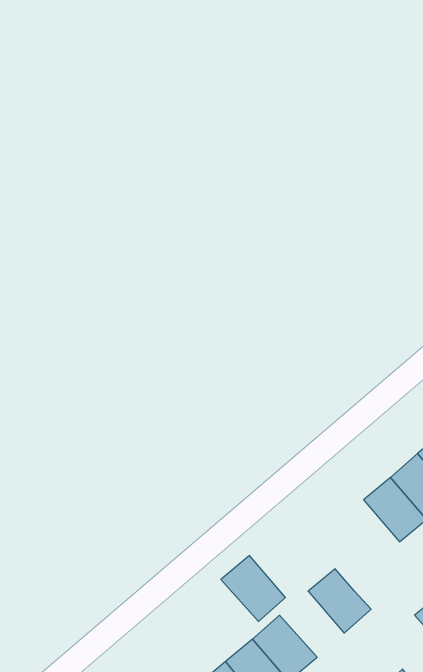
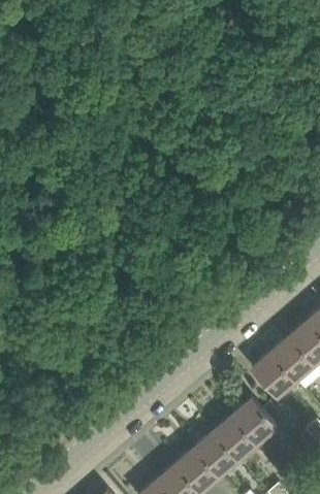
building: none -> [252,351,296,396]
building: [221,556,285,621] -> [214,414,258,459]

